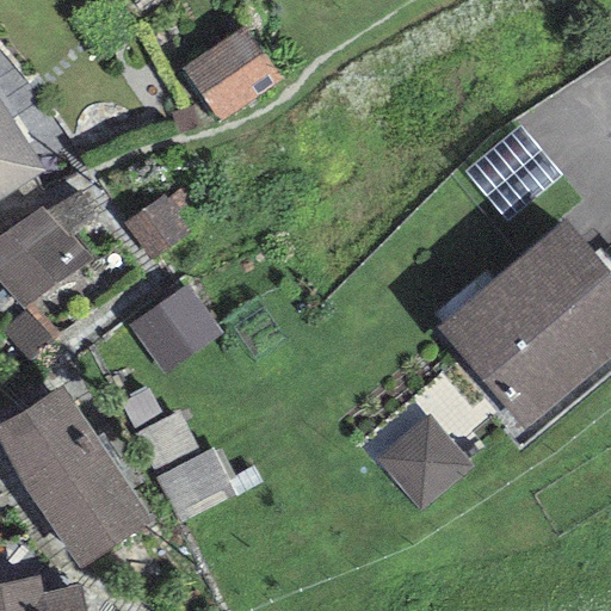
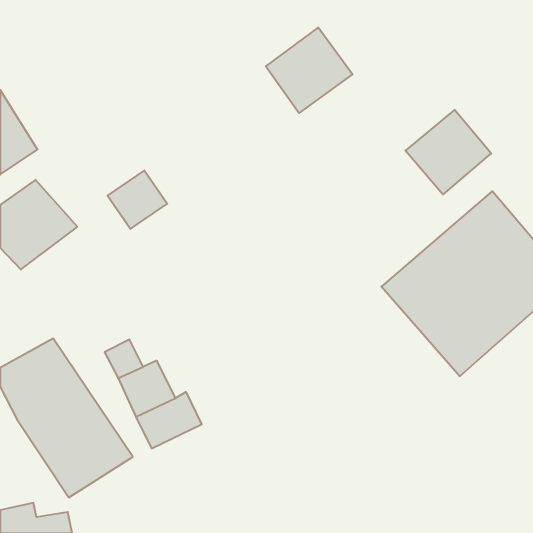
building: [183,24,282,122] -> [266,27,353,113]
building: [129,284,222,376] -> none
building: [376,415,473,512] -> none

